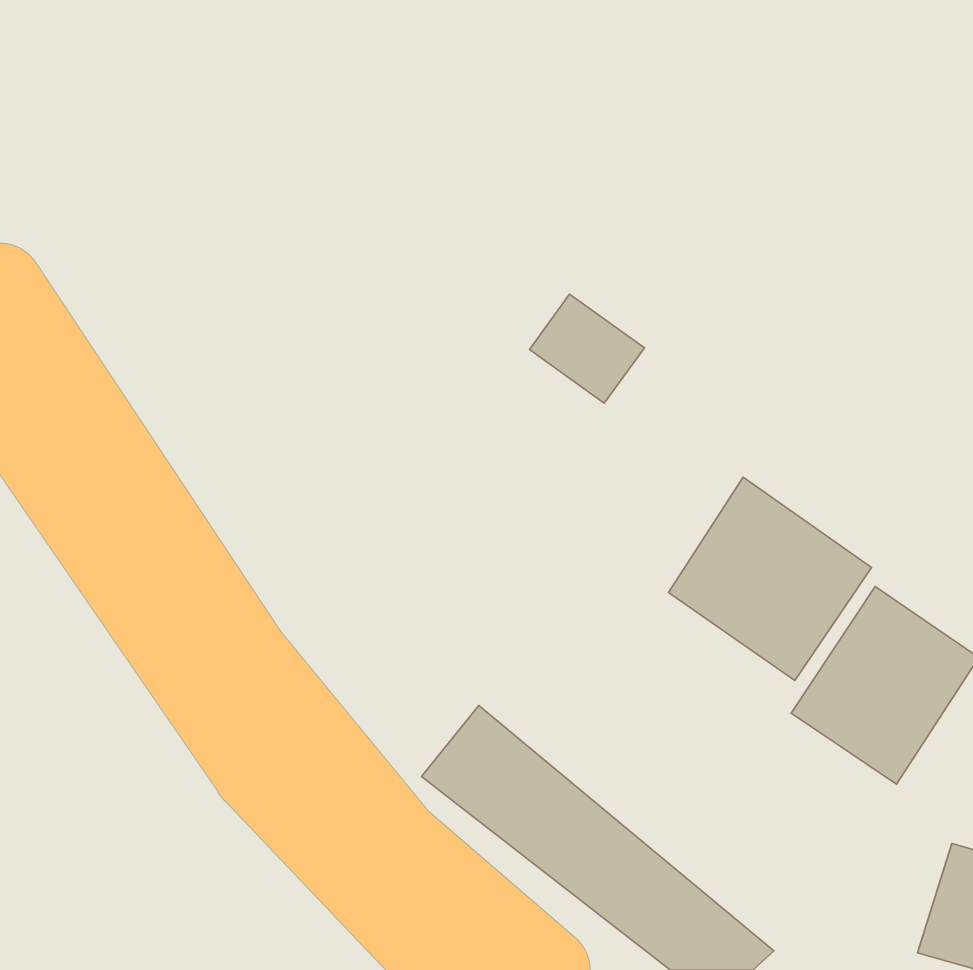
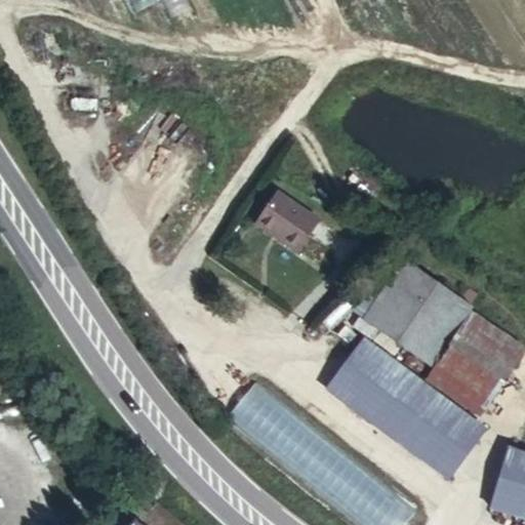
building: [529,294,644,403] -> [252,188,314,246]
building: none -> [323,335,490,484]

